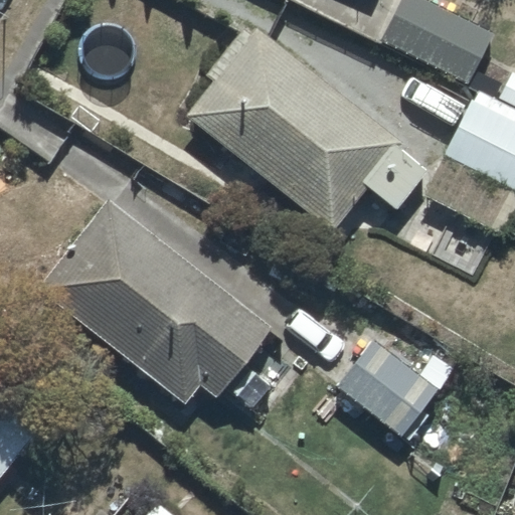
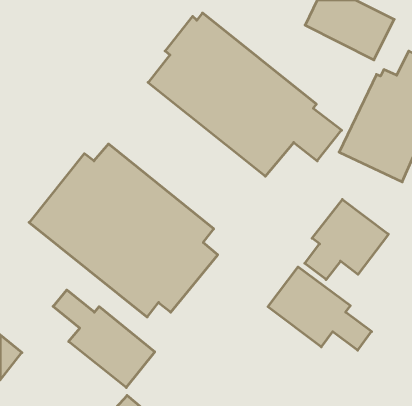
building: none -> [305,199,388,280]
building: none -> [53,290,155,388]

